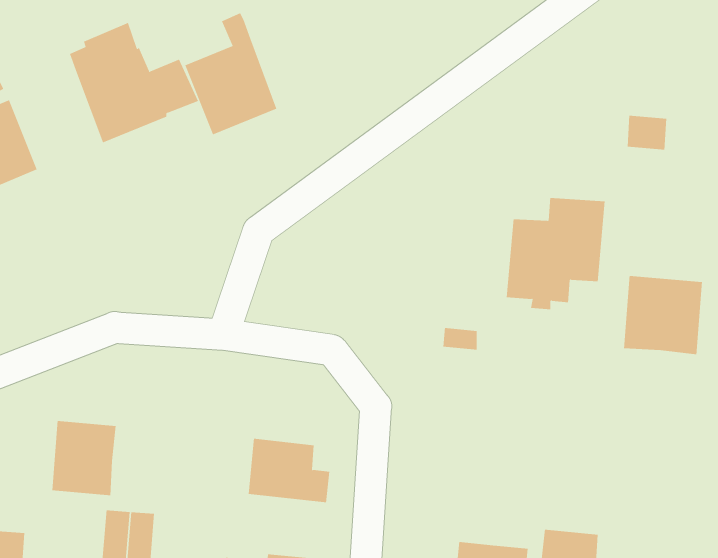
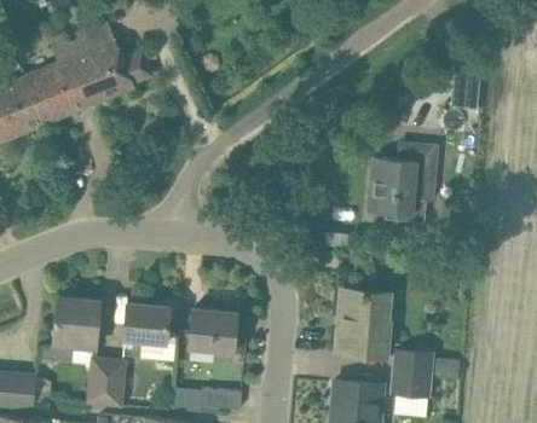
building: [184,12,277,135] -> [24,40,88,124]
building: [623,275,702,355] -> none
building: none -> [336,290,391,357]
building: none -> [122,303,168,358]
building: none -> [393,352,460,379]

